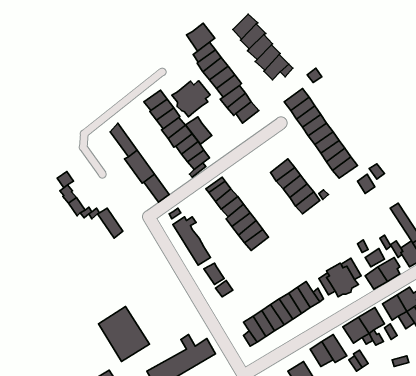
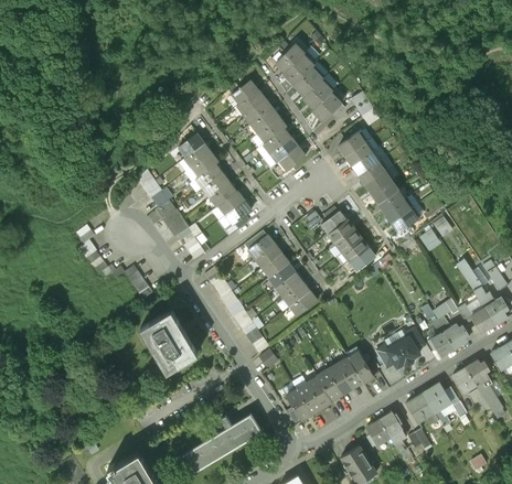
building: [187,23,215,51] -> none
building: [172,81,210,117] -> none
building: [185,117,212,144] -> none
building: [98,306,150,362] -> [139,308,198,370]

